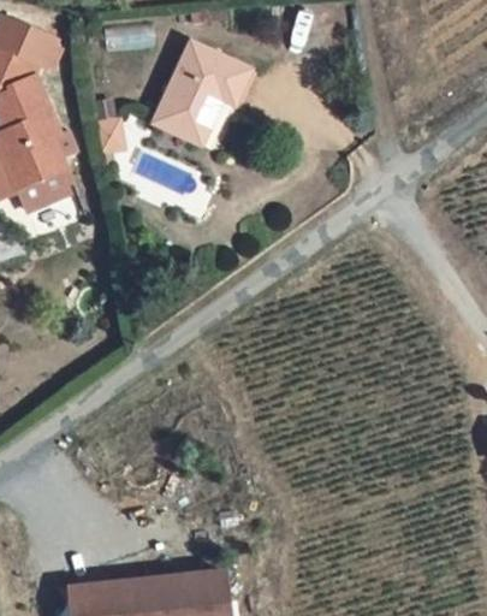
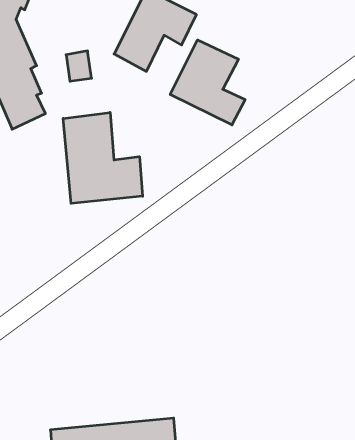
building: none -> [170,40,245,125]
building: none -> [63,112,143,203]

